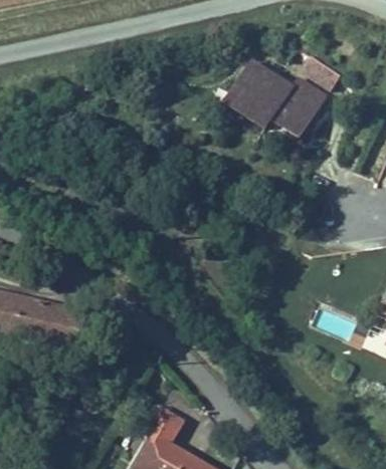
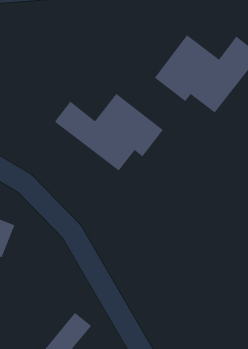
building: none -> [54,93,164,172]

